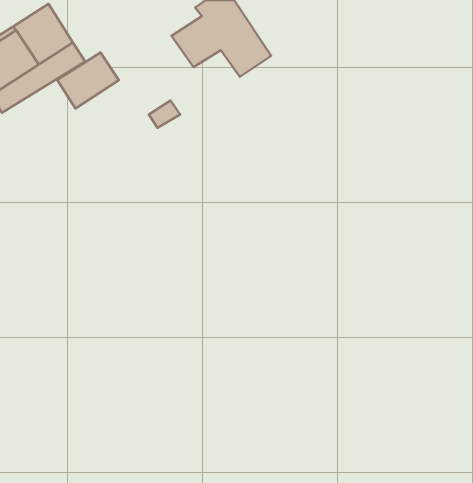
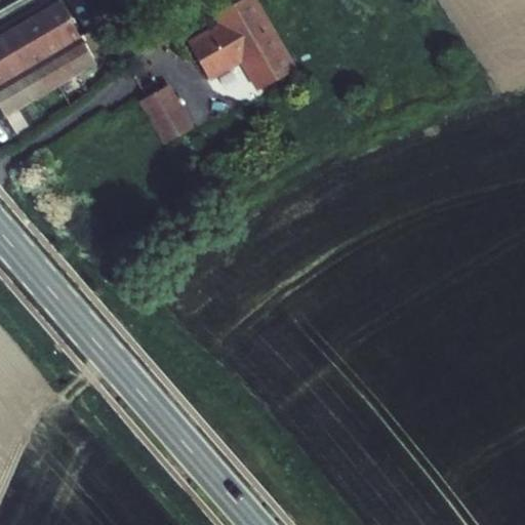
building: [57,52,119,108] -> none
building: none -> [144,84,185,125]

